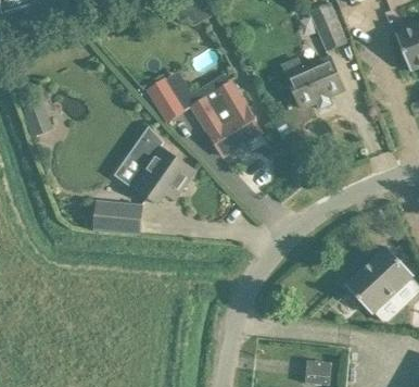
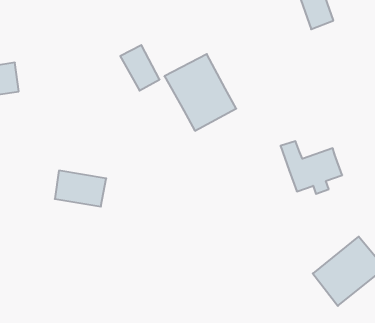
building: [281,60,342,109] -> [280,141,342,194]
building: [127,127,192,203] -> none

